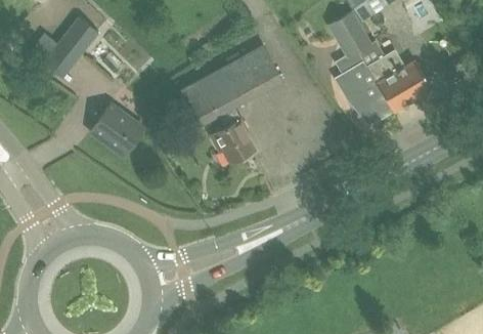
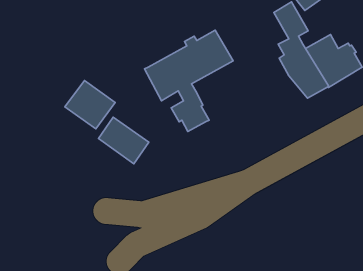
building: [29,16,100,82] -> none
building: none -> [99,117,149,164]

